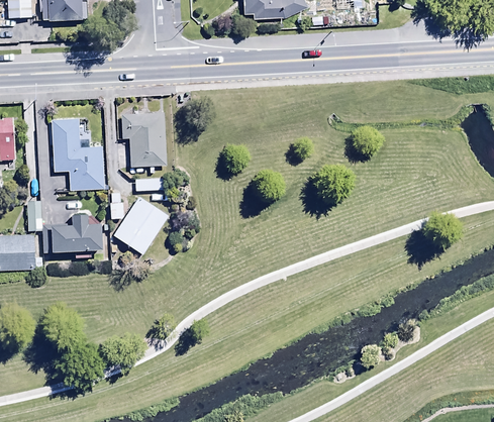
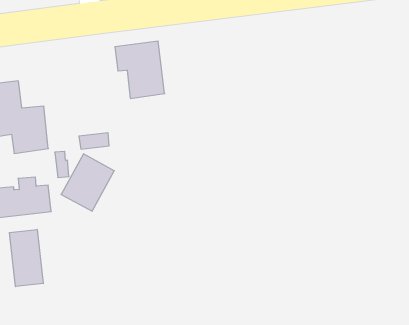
building: [121,112,167,167] -> [115,41,165,98]
building: none -> [9,229,43,287]

